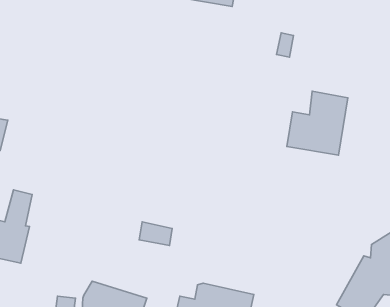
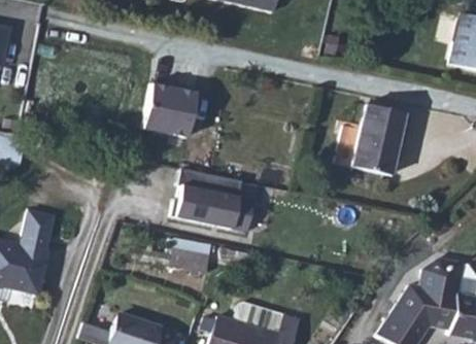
building: none -> [143,85,196,139]
building: none -> [171,171,260,237]

